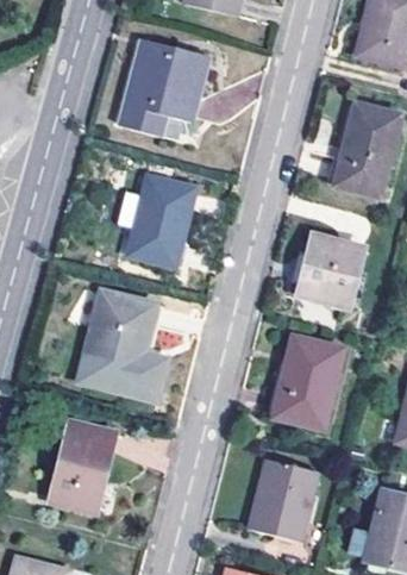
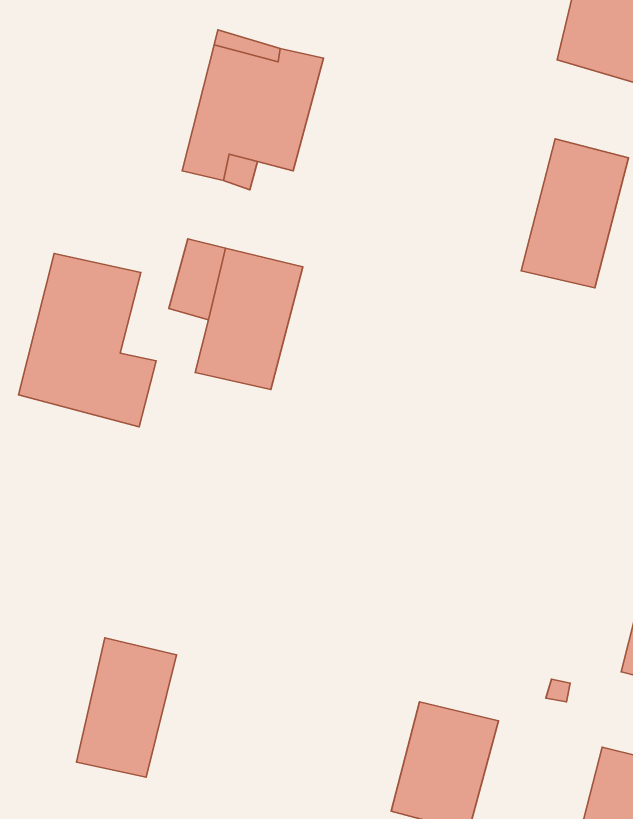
building: [296,235,364,308] -> none
building: [77,289,164,399] -> [19,254,156,427]
building: [273,336,342,429] -> none

